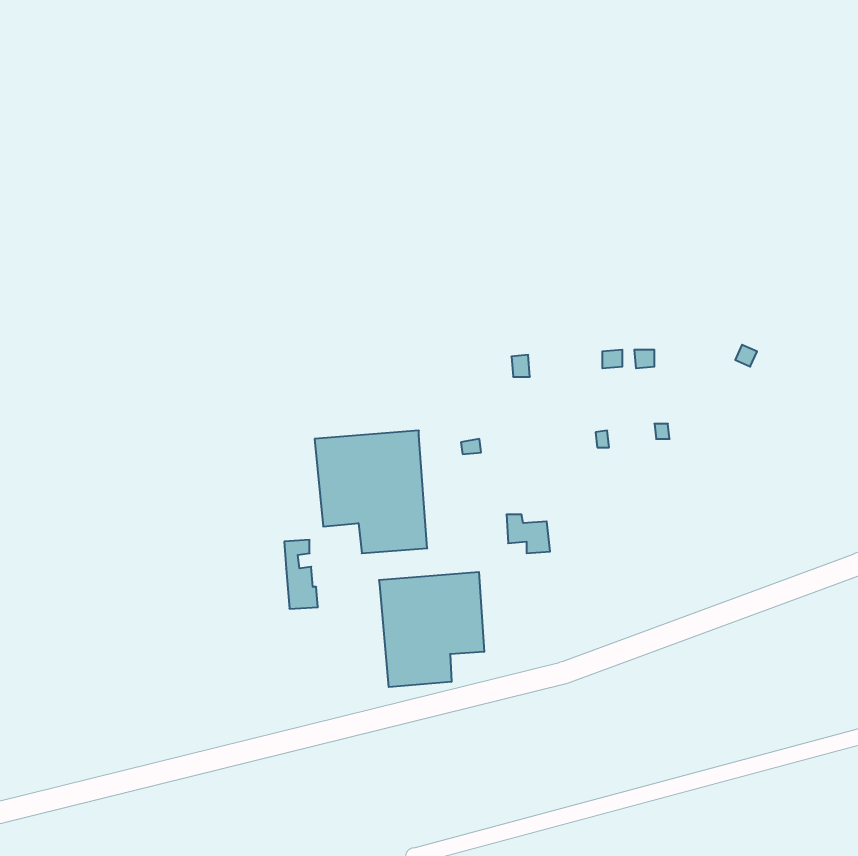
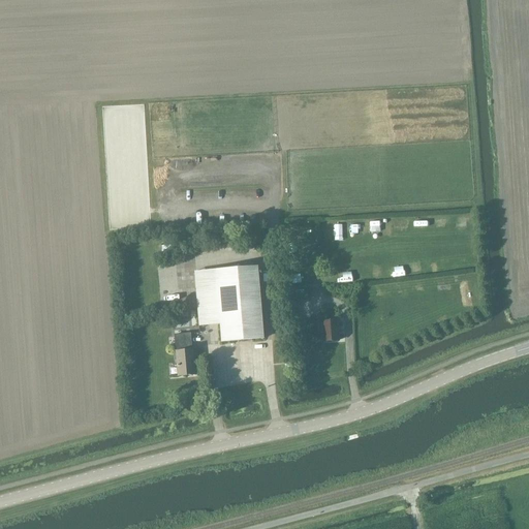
building: [379,572,484,687] -> none

